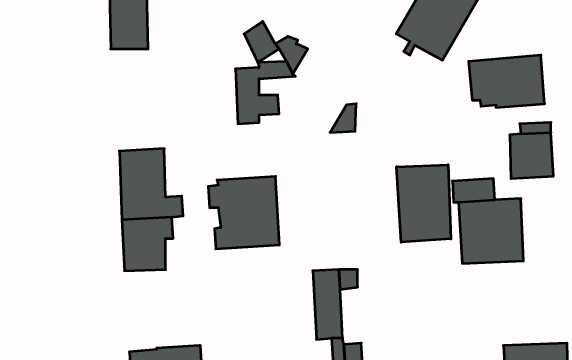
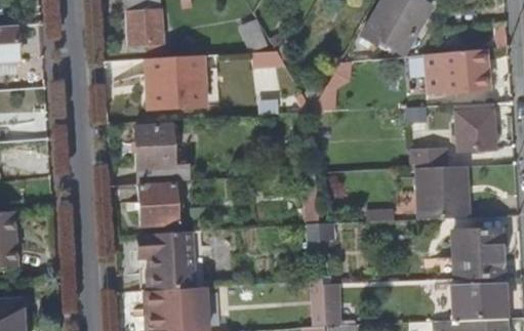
building: none -> [147,56,206,108]
building: [397,165,451,242] -> none
building: [208,176,279,249] -> [145,231,203,290]
building: none -> [455,231,503,279]

